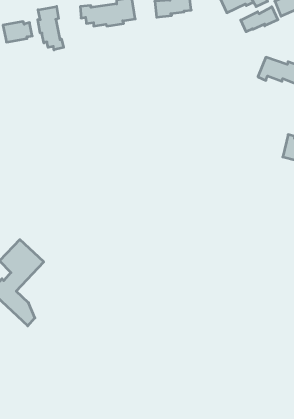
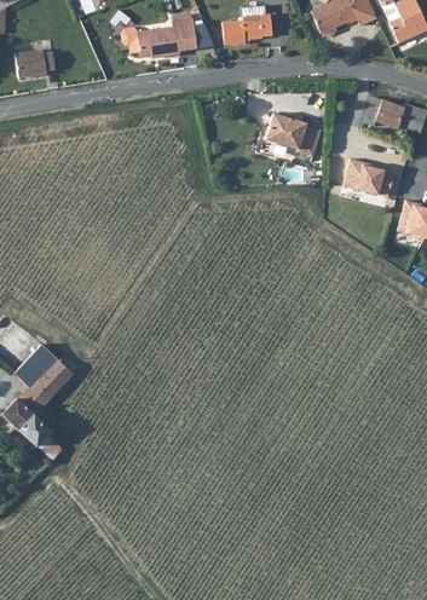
building: [38,6,64,50] -> none
building: [241,7,278,32] -> none
building: none -> [265,114,321,157]
building: none -> [344,158,394,196]

